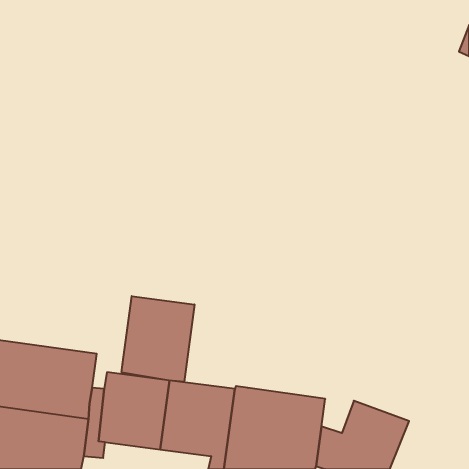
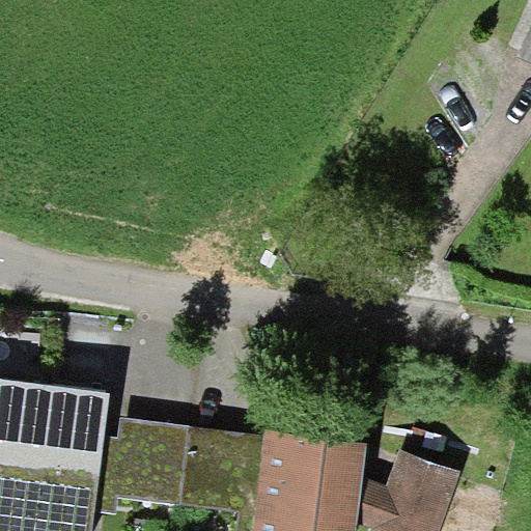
building: [122,296,194,382] -> none

